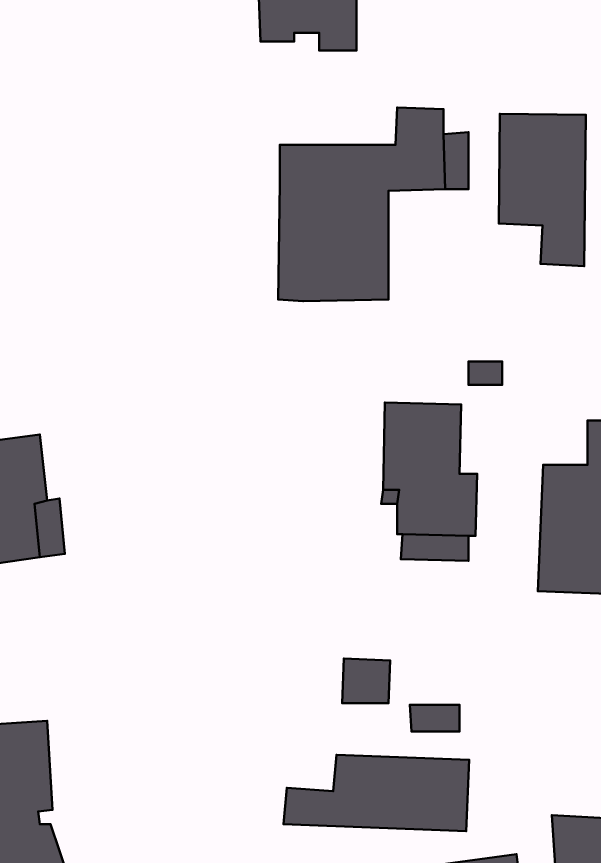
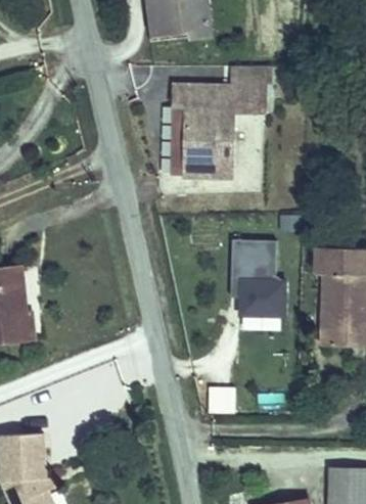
building: [499,114,586,266] -> none
building: none -> [315,243,349,271]
building: [283,755,469,831] -> none

